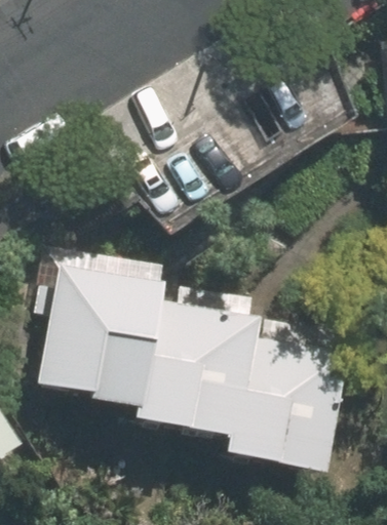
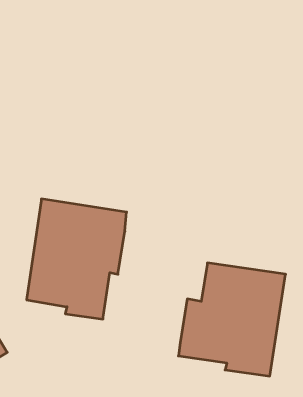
building: [129,301,257,432] -> none

